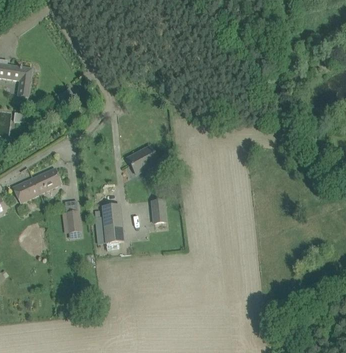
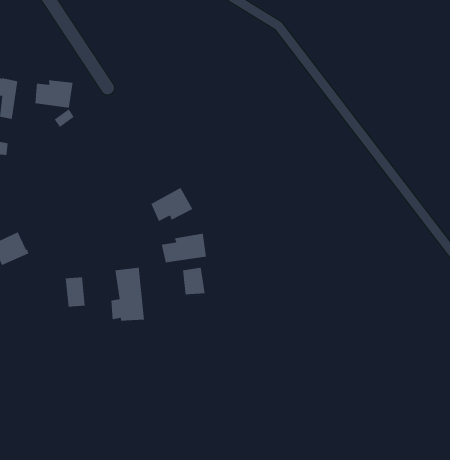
building: none -> [35,80,73,109]
building: [31,167,61,193] -> none
building: none -> [161,233,206,263]

